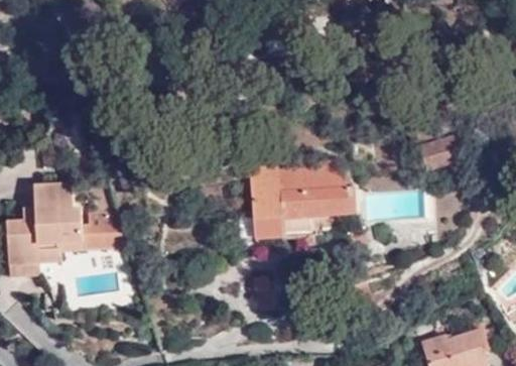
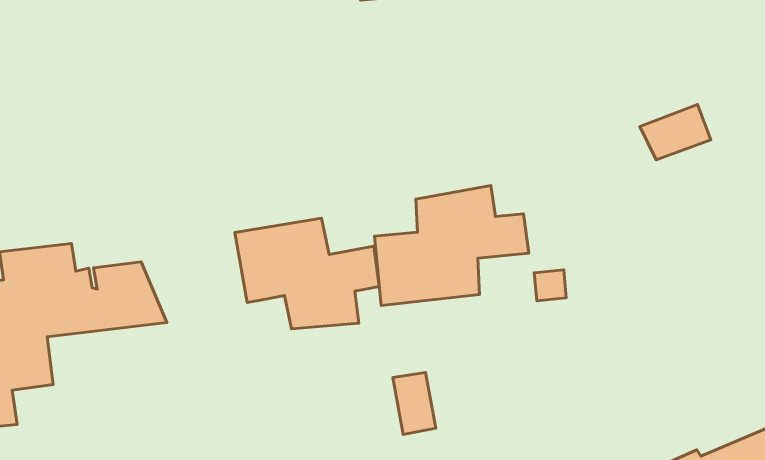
building: [253,166,283,197] -> none
building: none -> [235,218,379,329]

